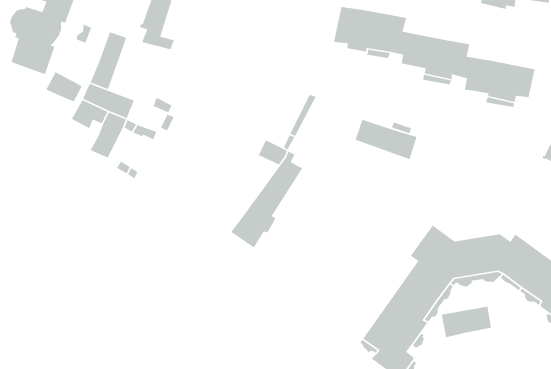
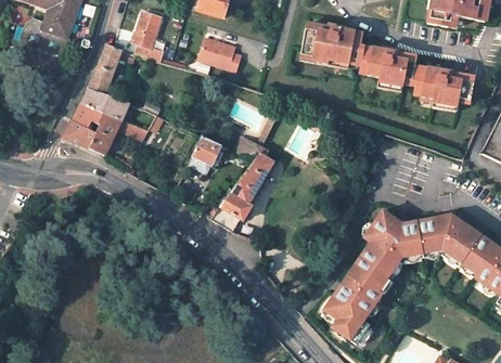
building: none -> [198,37,241,72]
building: [45,71,83,103] -> [64,119,97,146]
building: [354,119,418,160] -> none
building: none -> [192,135,223,164]
building: [441,306,492,338] -> none

